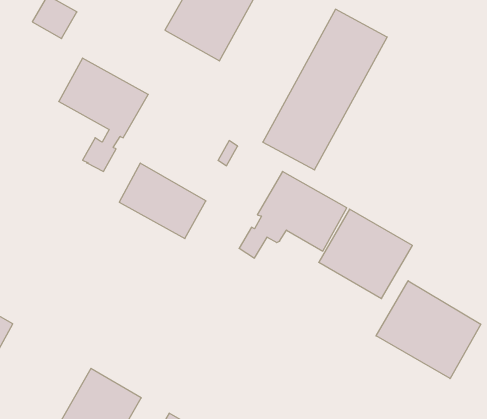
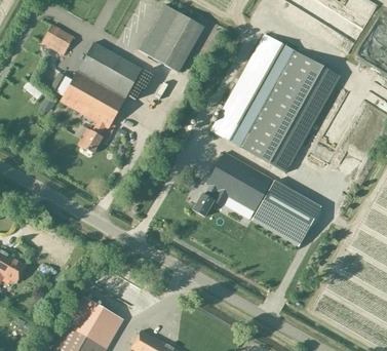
building: none -> [248,54,339,172]
building: [119,163,206,239] -> [78,41,142,96]
building: [376,281,481,379] -> none

